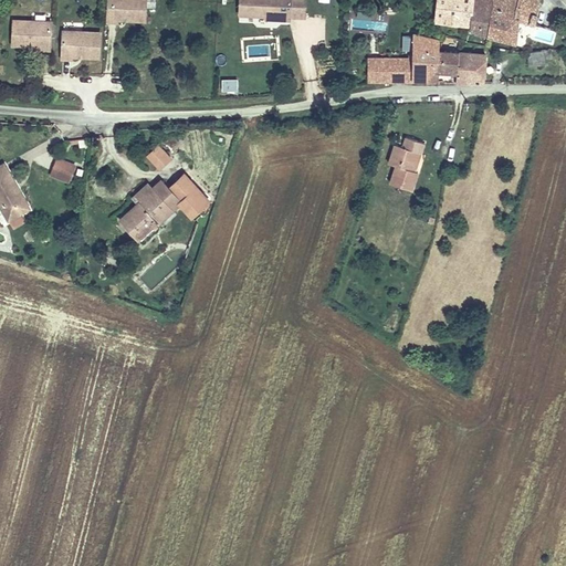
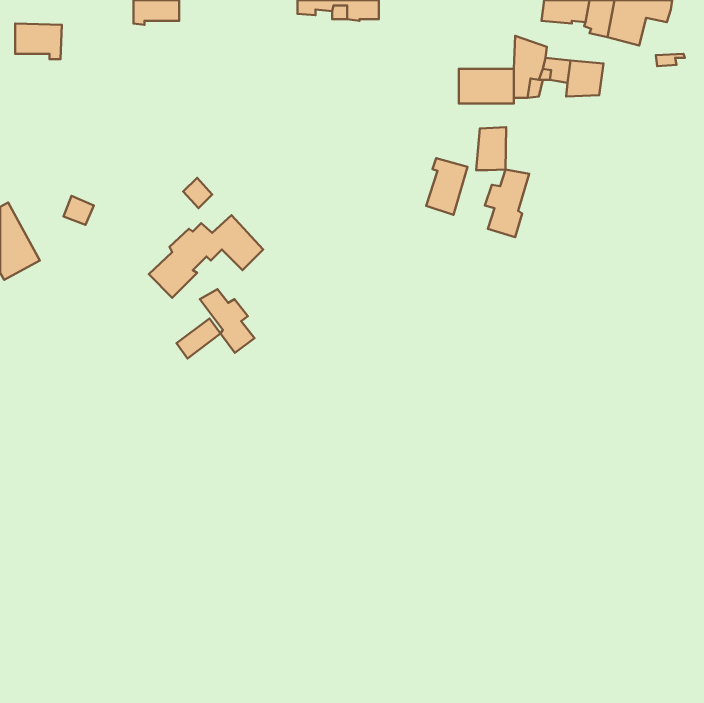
building: [62,30,99,57] -> none
building: none -> [476,127,506,170]
building: none -> [426,158,468,215]
building: none -> [200,289,255,353]

